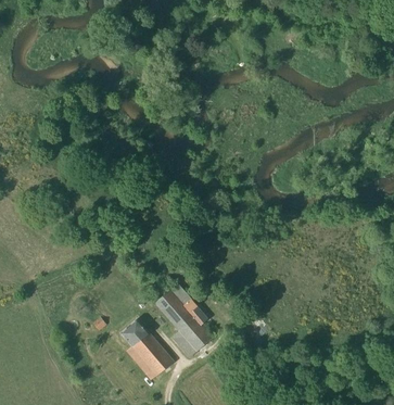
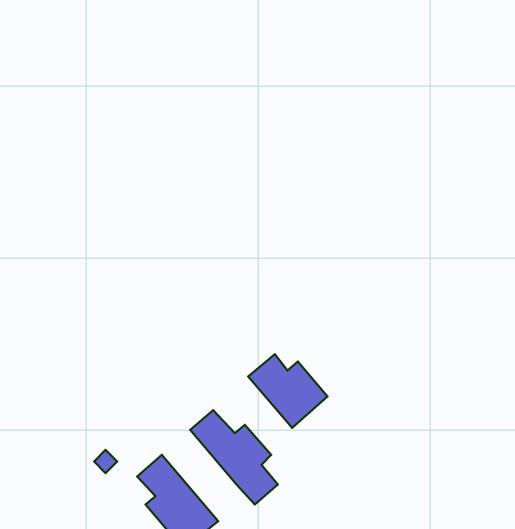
building: none -> [248,354,328,428]

